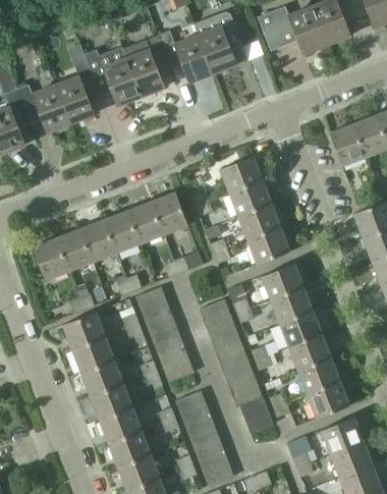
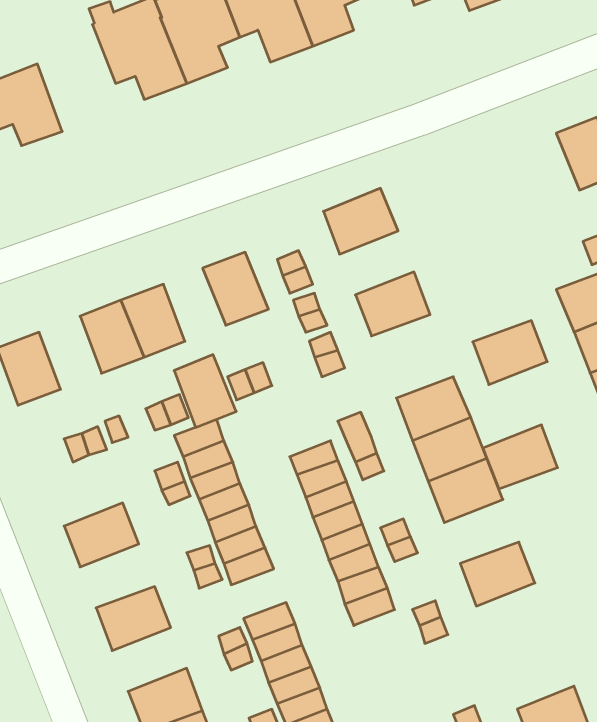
building: [56,62,101,123] -> none
building: [330,124,367,166] -> none
building: [229,180,272,217] -> none
building: [128,202,164,243] -> [174,355,236,427]
building: [247,228,290,265] -> [473,321,547,385]
building: [57,229,93,271] -> none
building: [62,313,105,349] -> none
building: [289,334,332,371] -> [483,425,558,489]
building: [80,360,123,396] -> none
building: [308,382,350,419] -> none
building: [239,396,273,433] -> none
building: [99,407,142,444] -> none
building: [322,418,364,454] -> none

